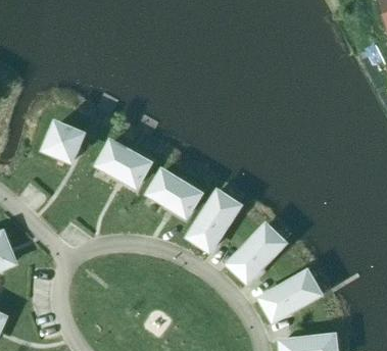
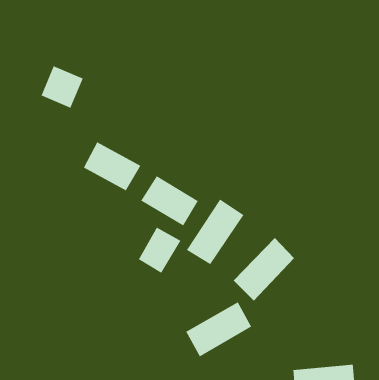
building: [46,122,84,160] -> [40,65,84,109]
building: none -> [138,227,181,274]
building: [261,270,320,319] -> [185,301,252,357]

